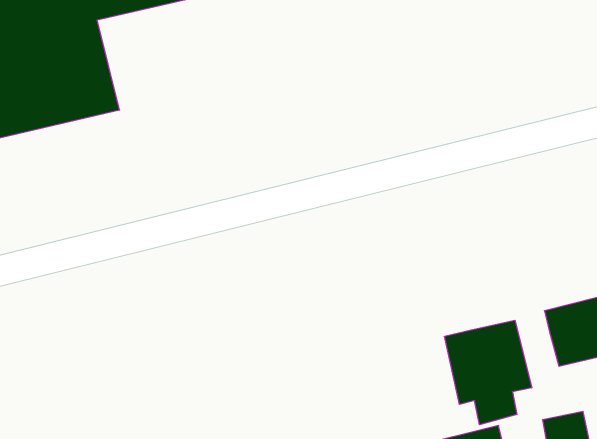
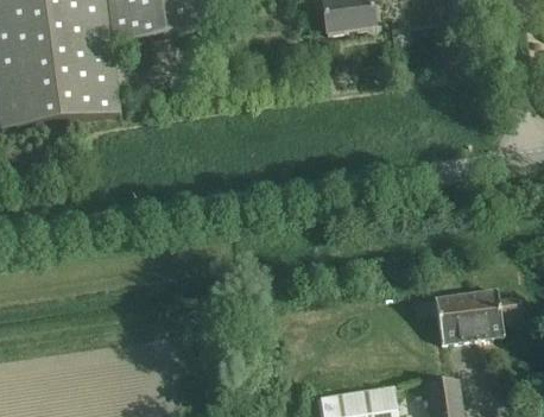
building: [445,320,532,425] -> none

